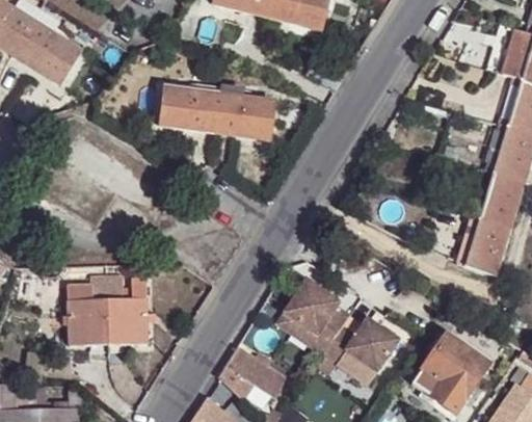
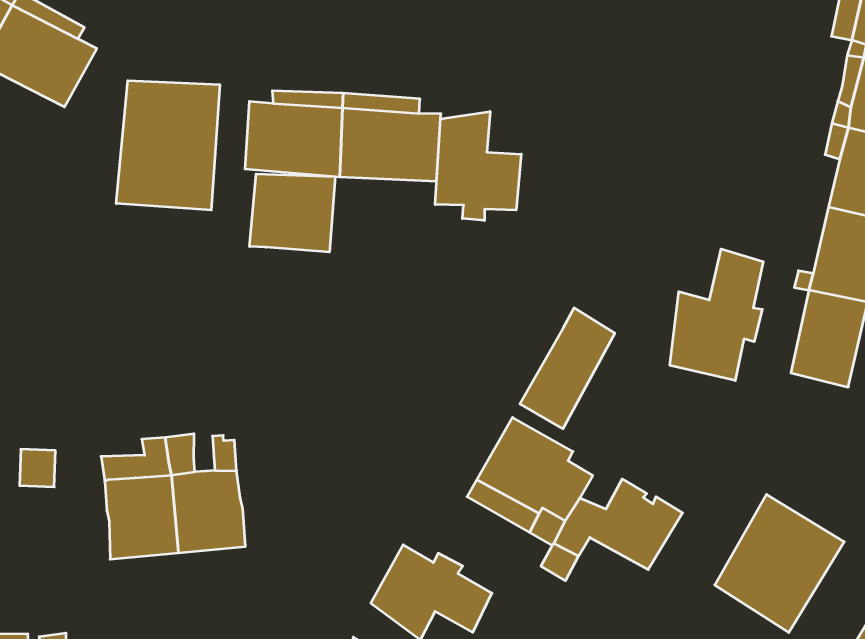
building: none -> [116,81,220,210]
building: none -> [435,111,521,221]
building: none -> [250,174,335,252]
building: none -> [670,249,763,381]
building: none -> [520,308,615,429]

